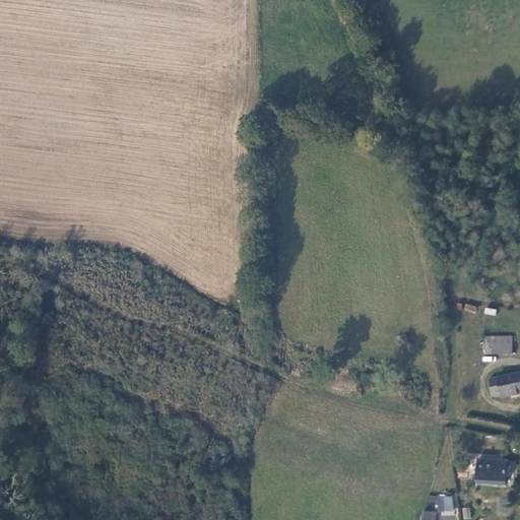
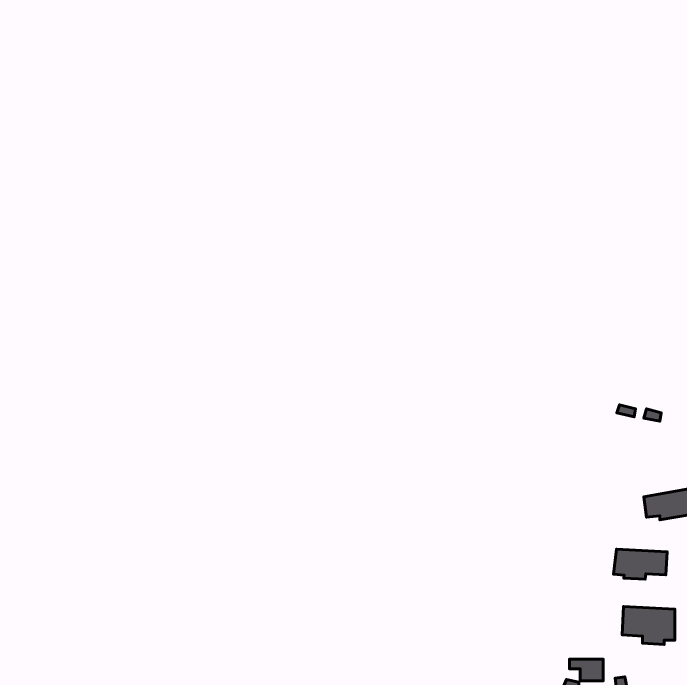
building: [486,330,511,350] -> none
building: none -> [613,549,667,579]

